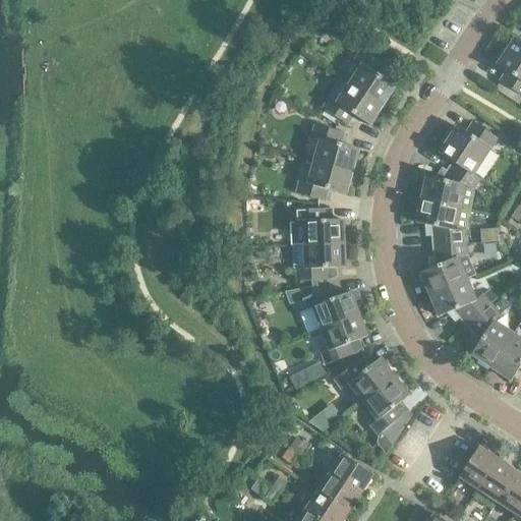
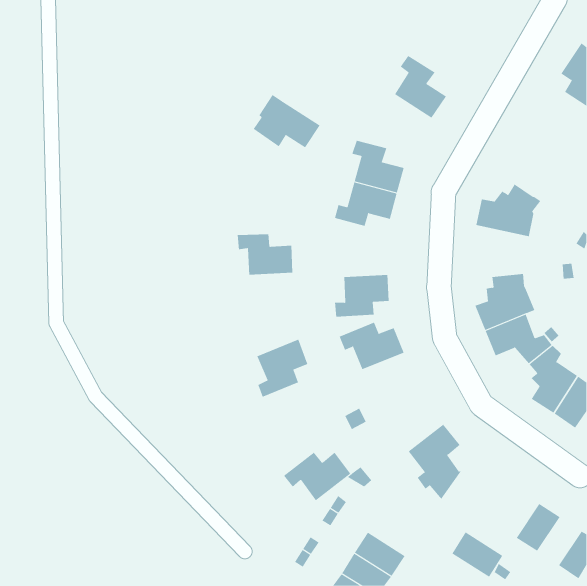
building: [323,77,383,125] -> [253,94,321,148]
building: [439,122,497,174] -> none
building: [415,199,469,245] -> none
building: [294,209,344,245] -> [237,234,293,275]
building: [321,312,366,364] -> [256,339,308,397]
building: [333,356,393,400] -> [283,452,351,501]
building: [326,452,371,493] -> [451,532,503,578]
building: [476,458,515,501] -> none

